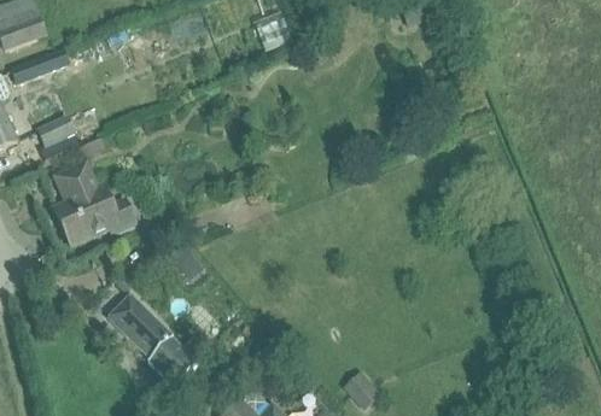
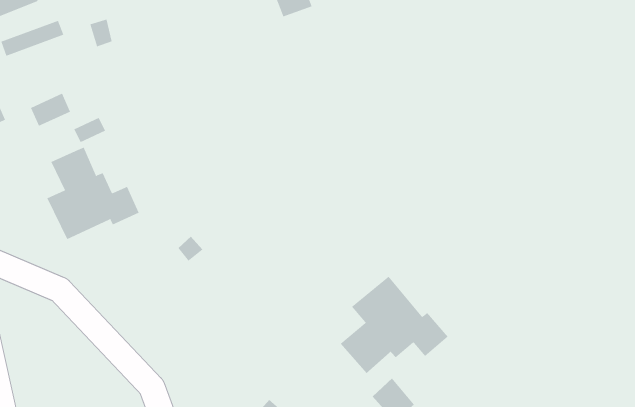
building: none -> [340,276,448,374]
building: [109,295,208,387] -> none

